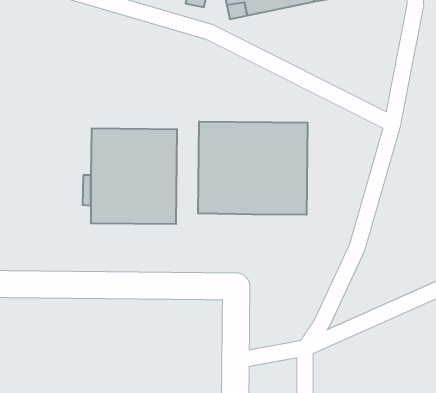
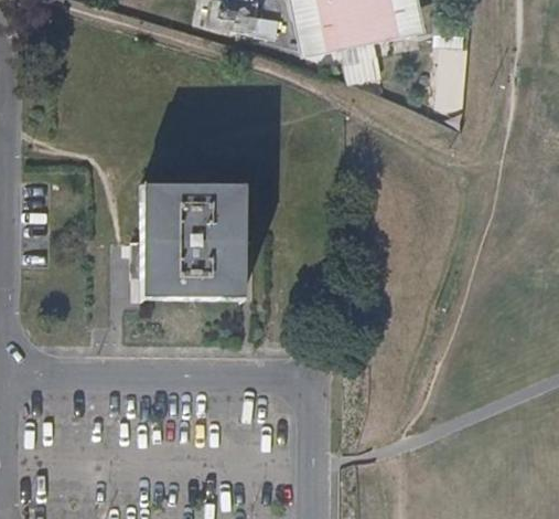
building: [198,121,308,215] -> none

